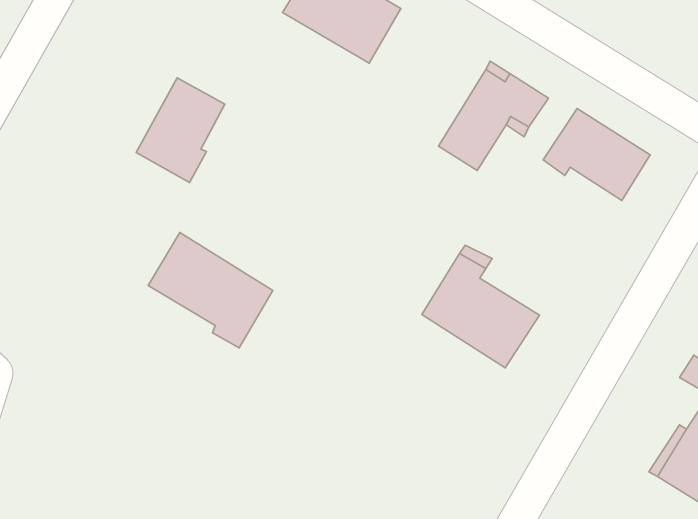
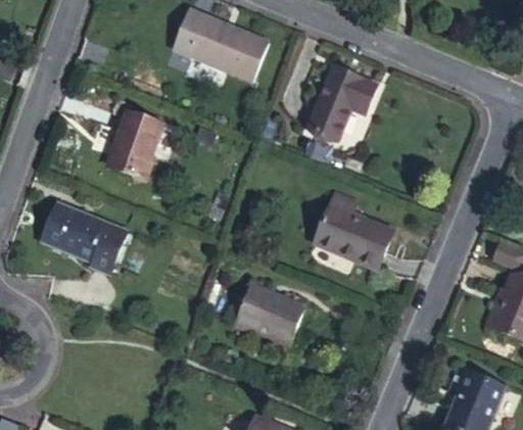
building: [543,109,650,201] -> none
building: [148,233,273,348] -> [43,202,127,273]
building: none -> [236,286,304,340]

